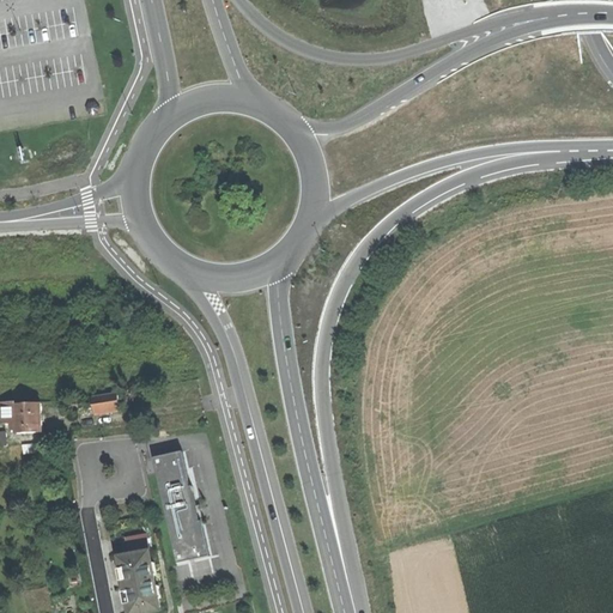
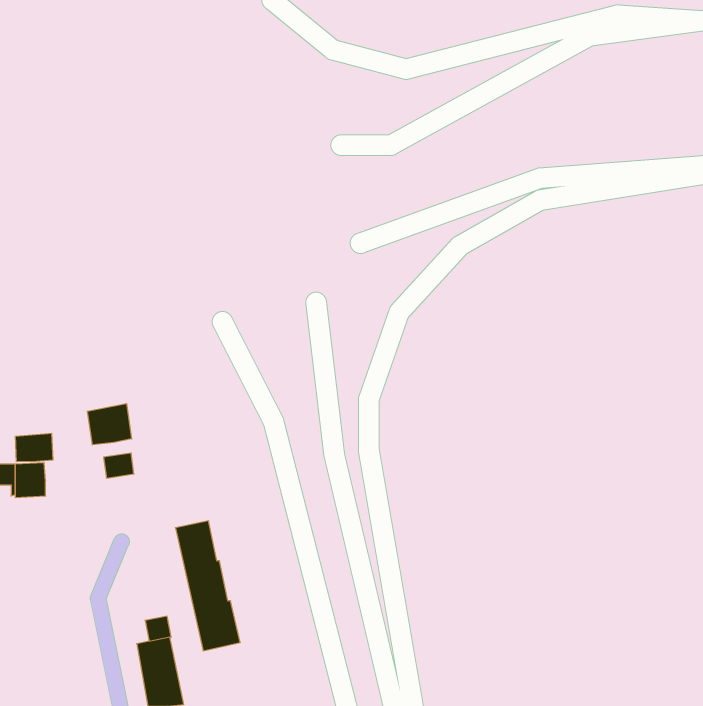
building: none -> [87,404,132,445]
building: none -> [16,433,53,462]

